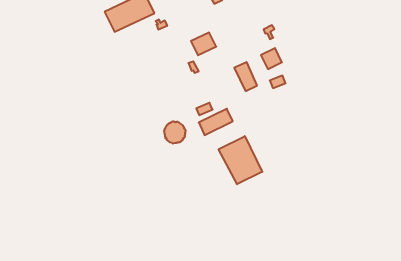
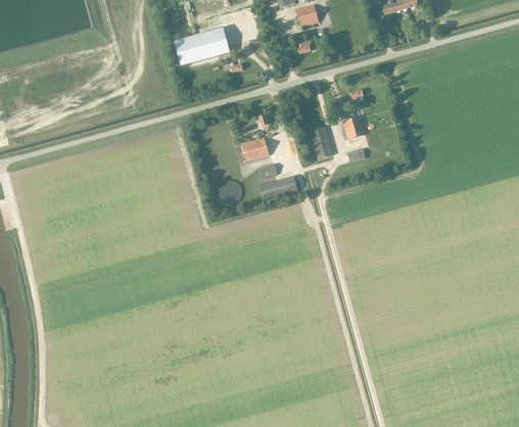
building: [191,33,216,55] -> [241,137,269,160]
building: [219,136,262,184] -> none

